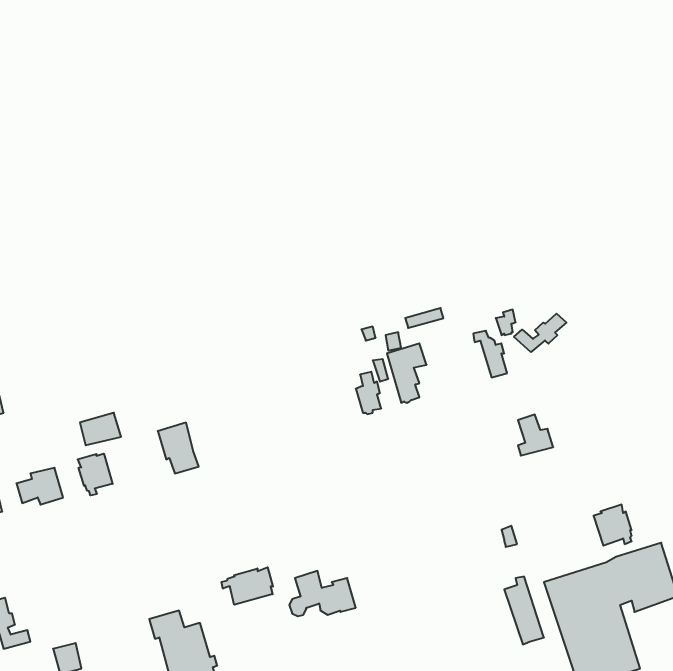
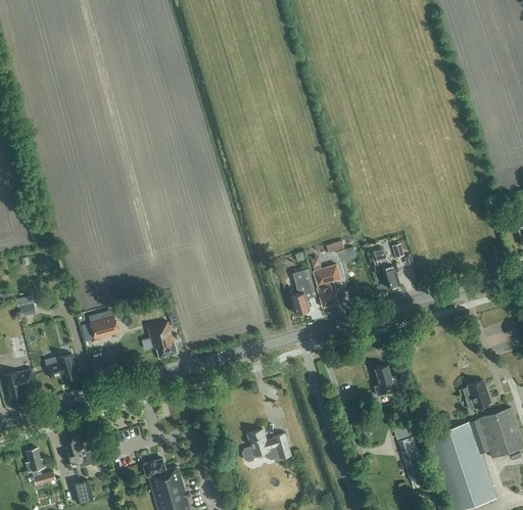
building: [514,314,566,352] -> none
building: [518,415,553,456] -> [375,365,400,395]
building: [78,454,113,495] -> none
building: [222,567,273,605] -> none
building: none -> [67,436,100,467]

